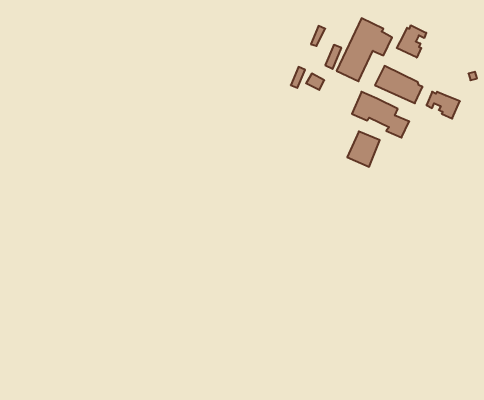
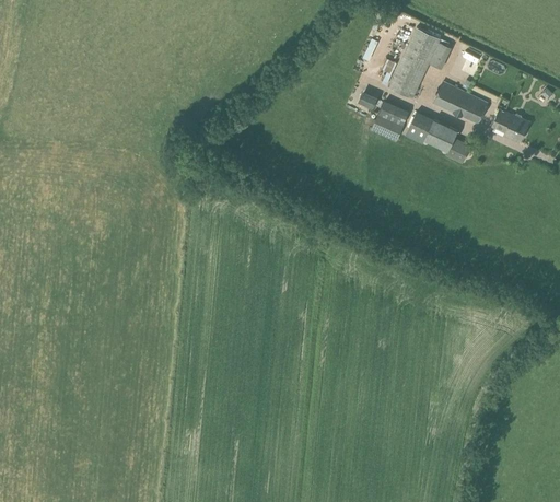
building: [397,25,426,58] -> none
building: [347,131,380,167] -> [372,101,409,141]

